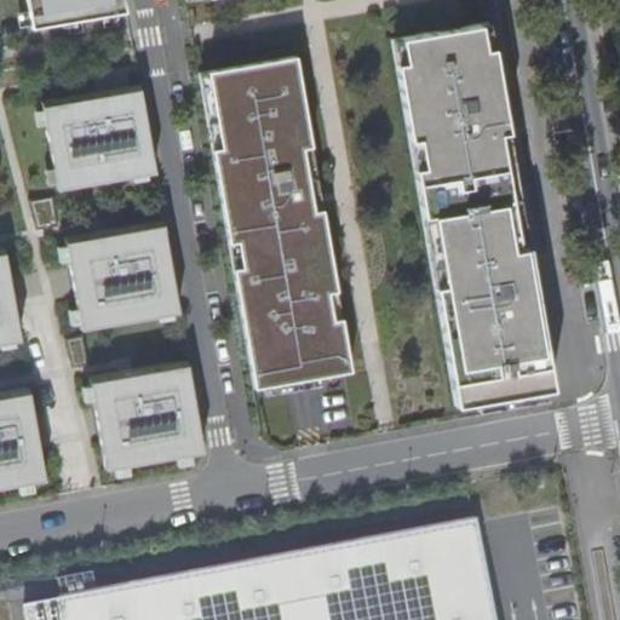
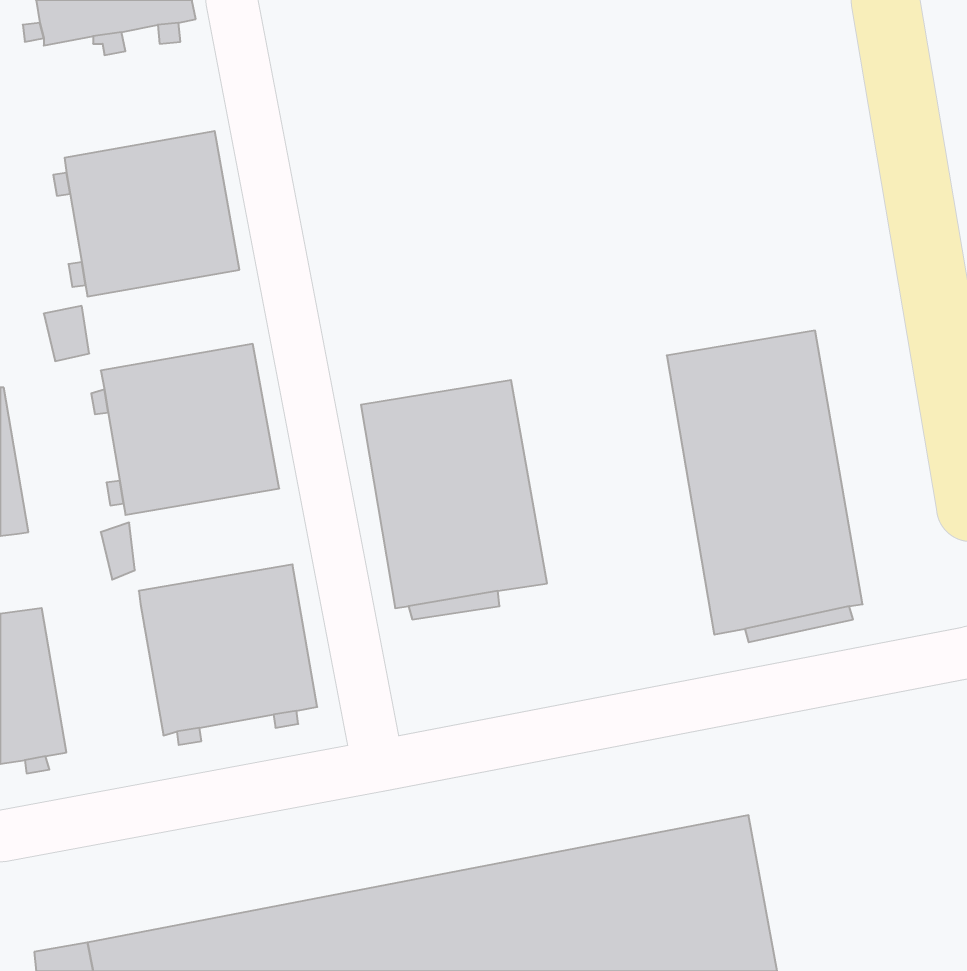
building: [395,18,522,226] -> none
building: [200,54,328,258] -> none

